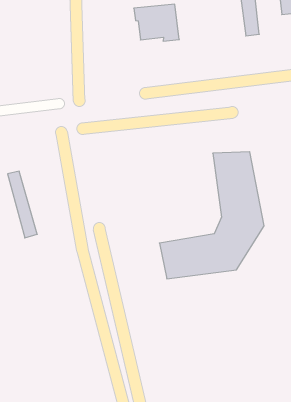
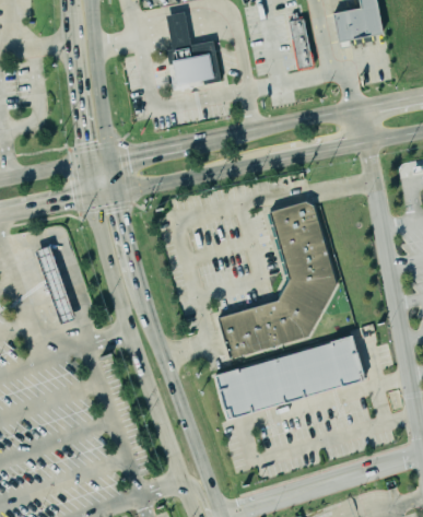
building: none -> [216,338,364,418]

